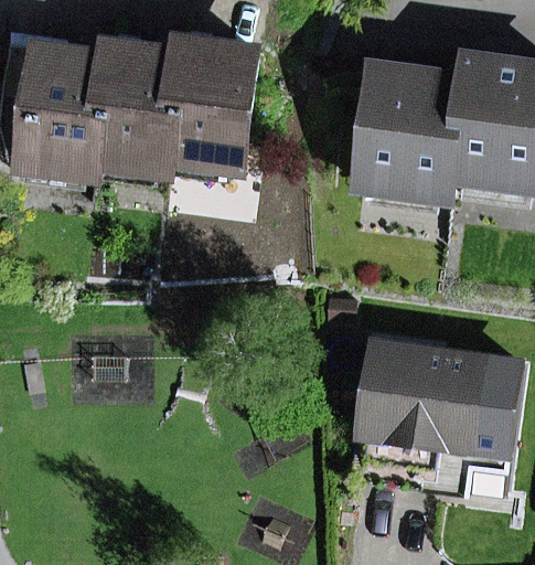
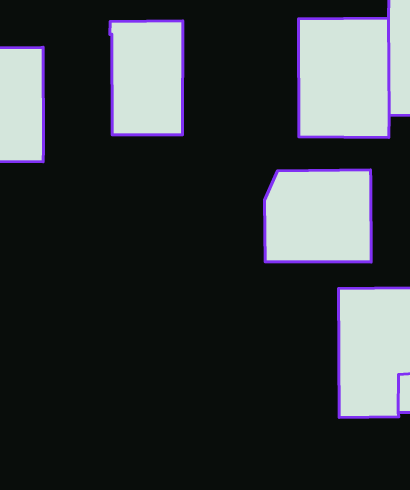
building: [101,41,188,167] -> none
building: none -> [265,170,371,262]

